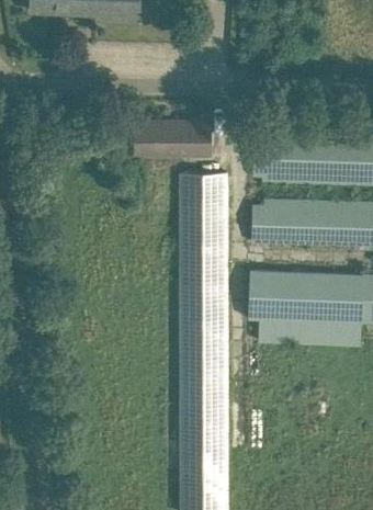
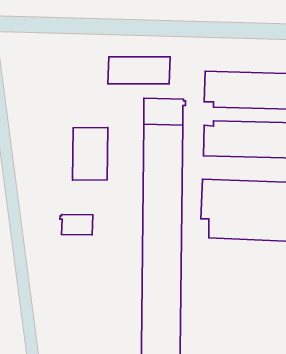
building: none -> [73,128,108,180]
building: none -> [60,214,93,235]

